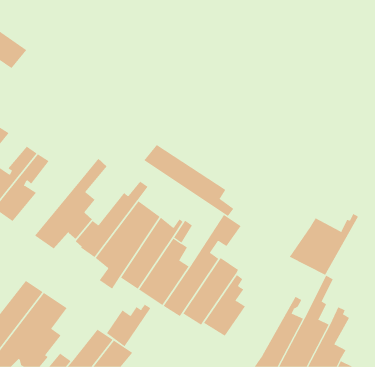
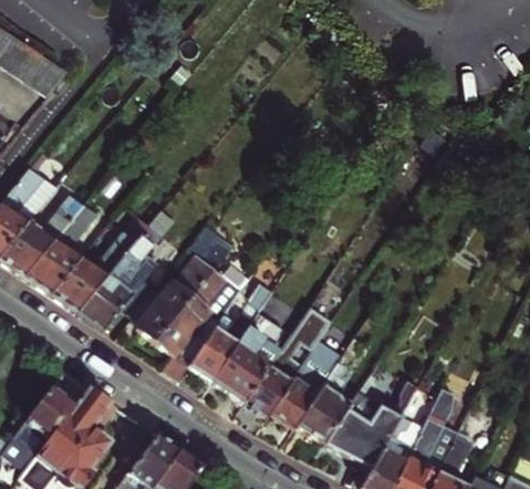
building: [144,144,234,217] -> none
building: none -> [49,232,134,313]
building: [289,213,359,276] -> [324,387,415,468]
building: [106,304,151,347] -> none

